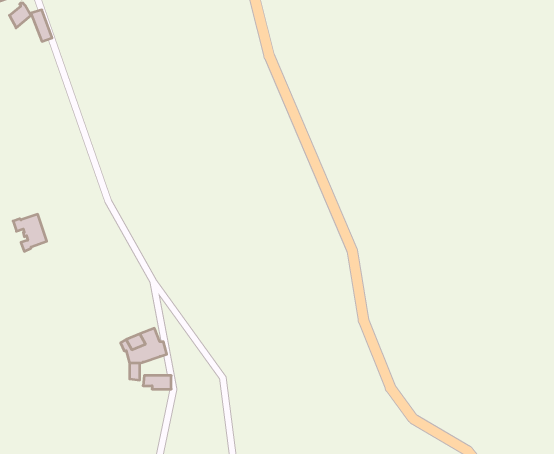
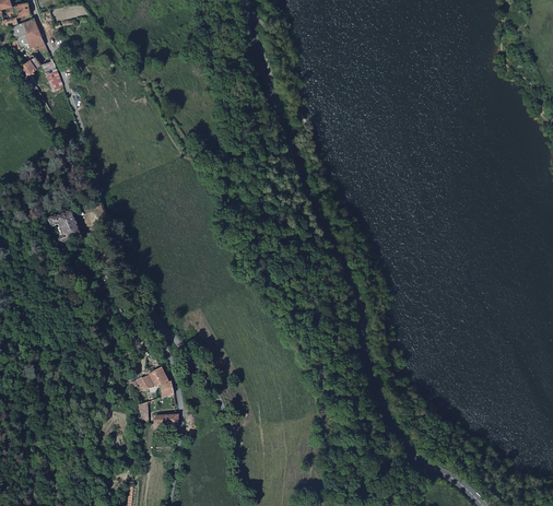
building: [13,214,47,251] -> [48,210,81,246]

